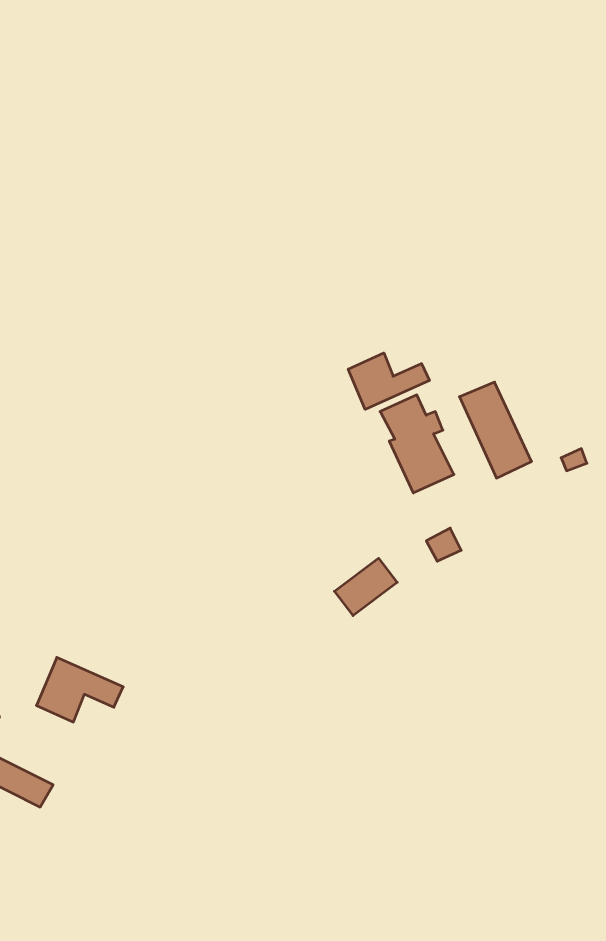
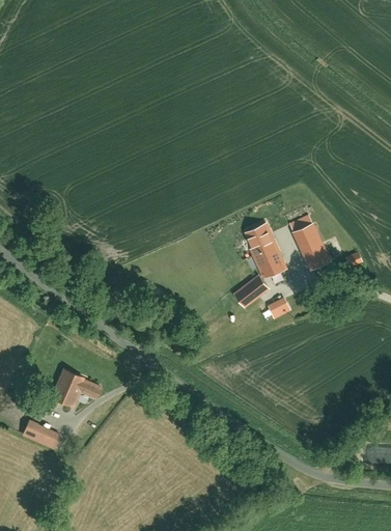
building: [348,353,429,409] -> none
building: [334,558,397,616] -> [233,274,269,306]

